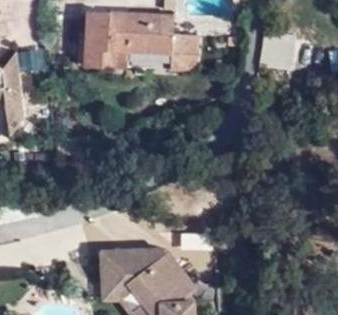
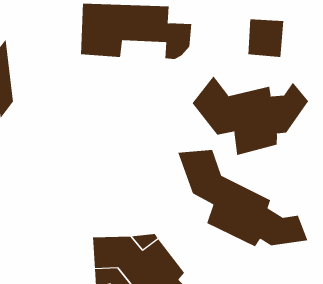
building: none -> [192,75,309,156]
building: none -> [177,149,308,247]

